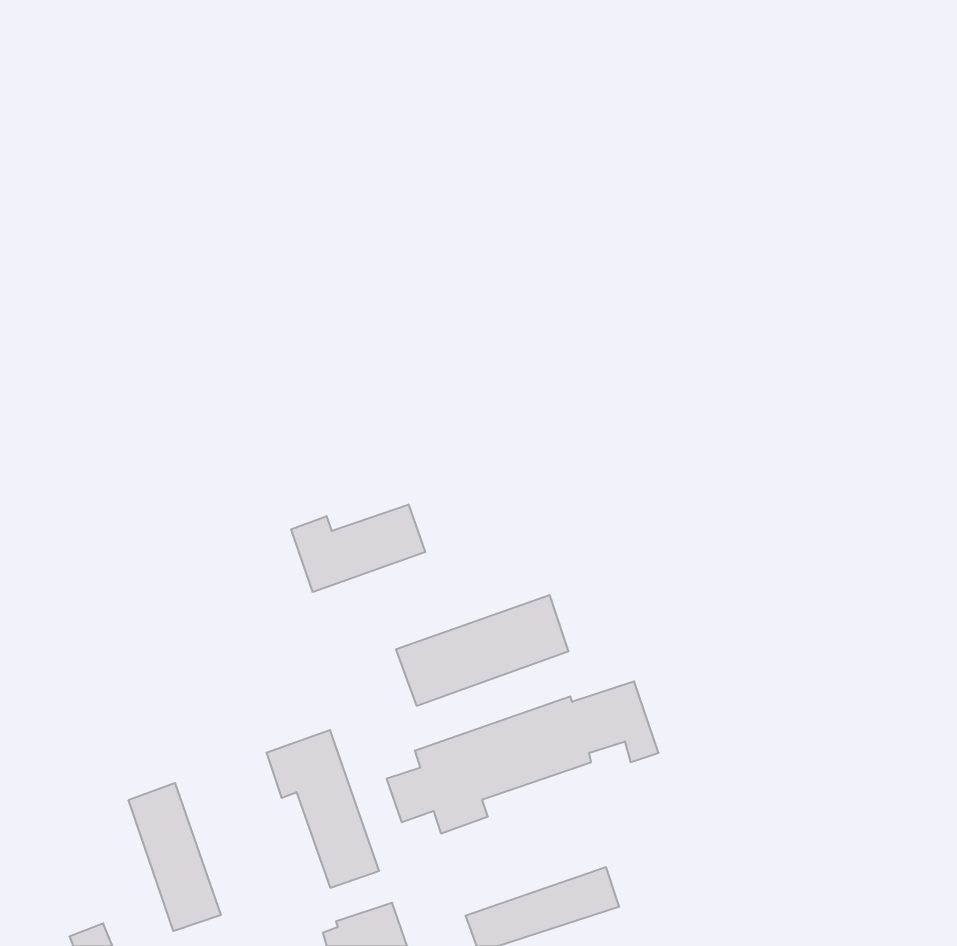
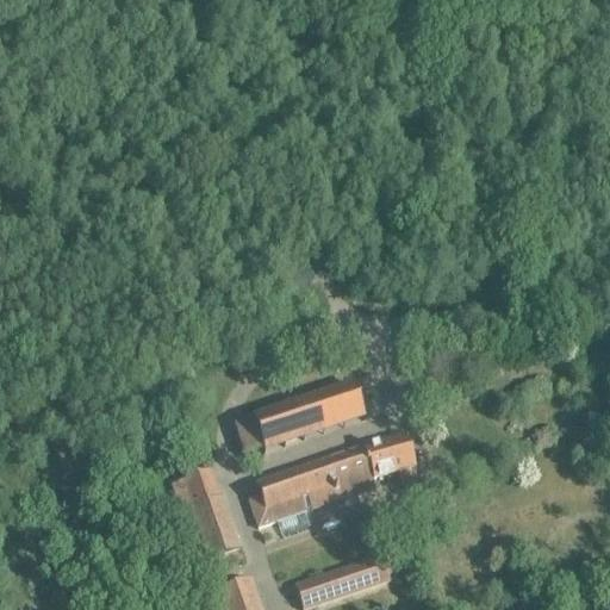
building: [291,504,425,592] -> none
building: [129,783,221,931] -> none

